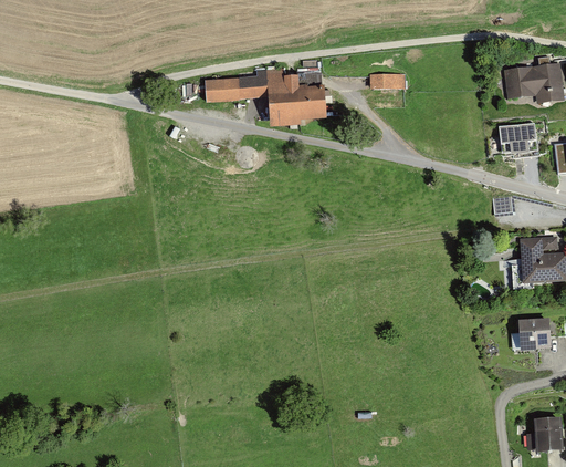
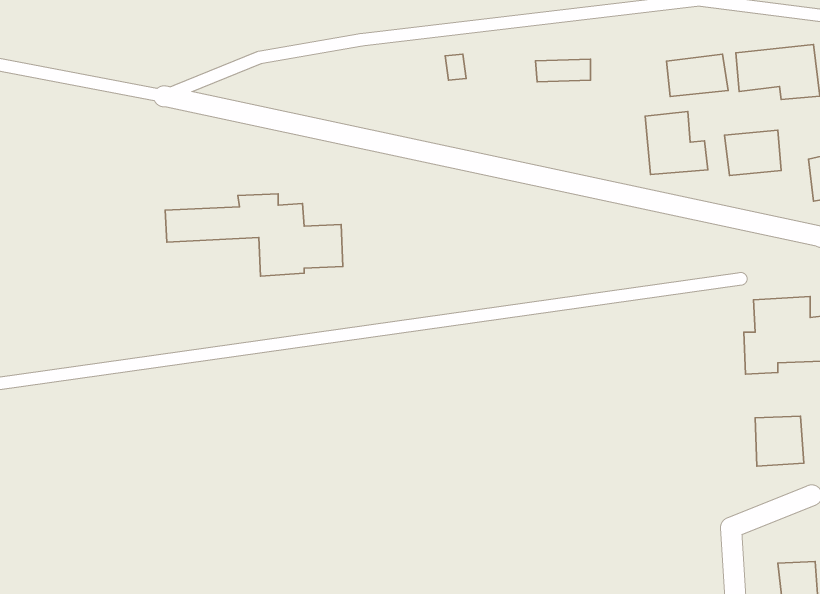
building: [205,69,326,125] -> [165,194,343,276]
building: none -> [666,54,728,96]
building: none -> [645,112,708,174]

